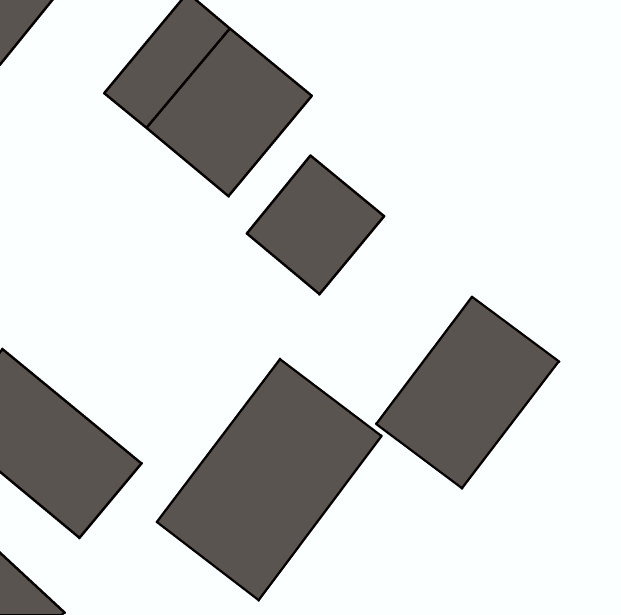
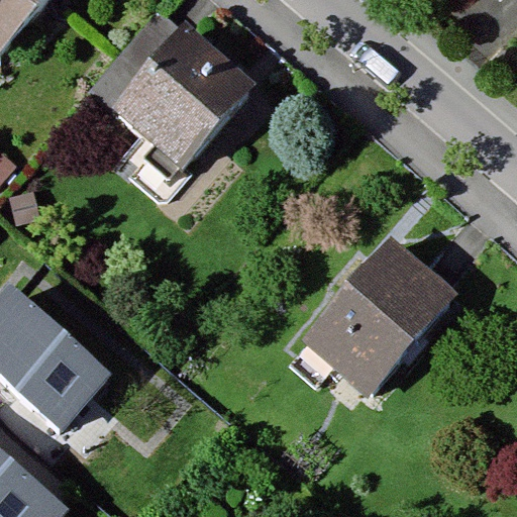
building: [247,156,384,294] -> none
building: [157,359,381,600] -> none

